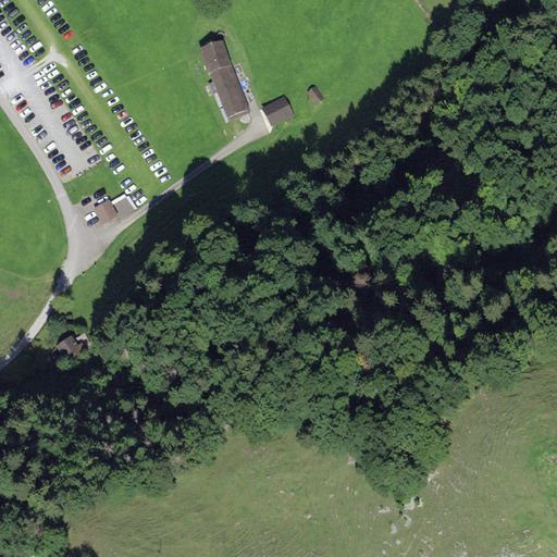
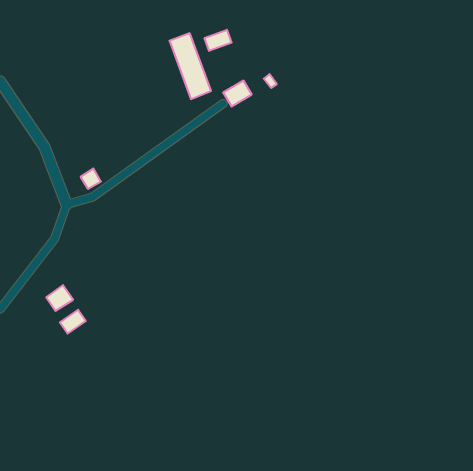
building: none -> [205,30,232,51]
building: none -> [60,310,86,334]

